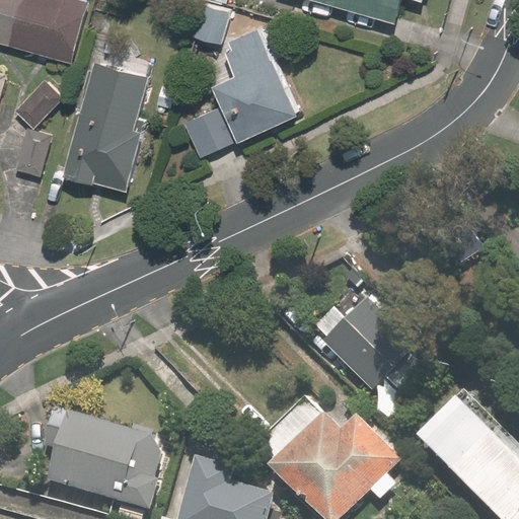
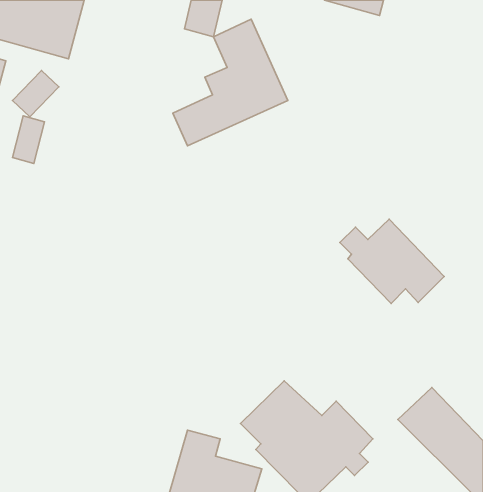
building: [65,54,152,190] -> none
building: [310,305,420,393] -> [340,219,444,303]
building: [44,407,166,506] -> none

